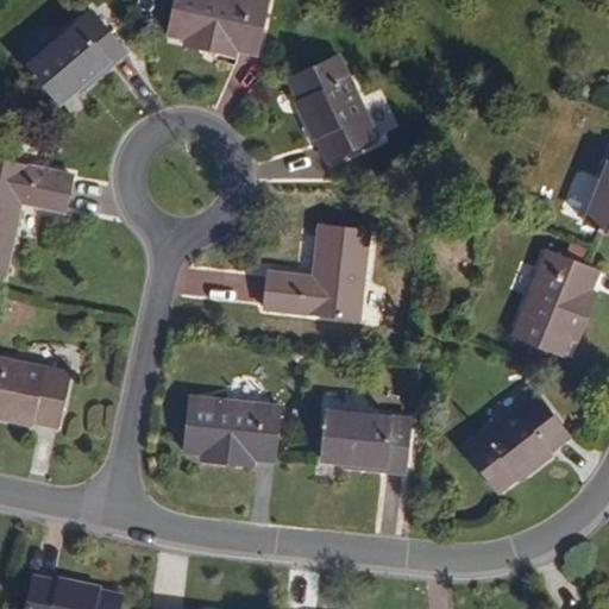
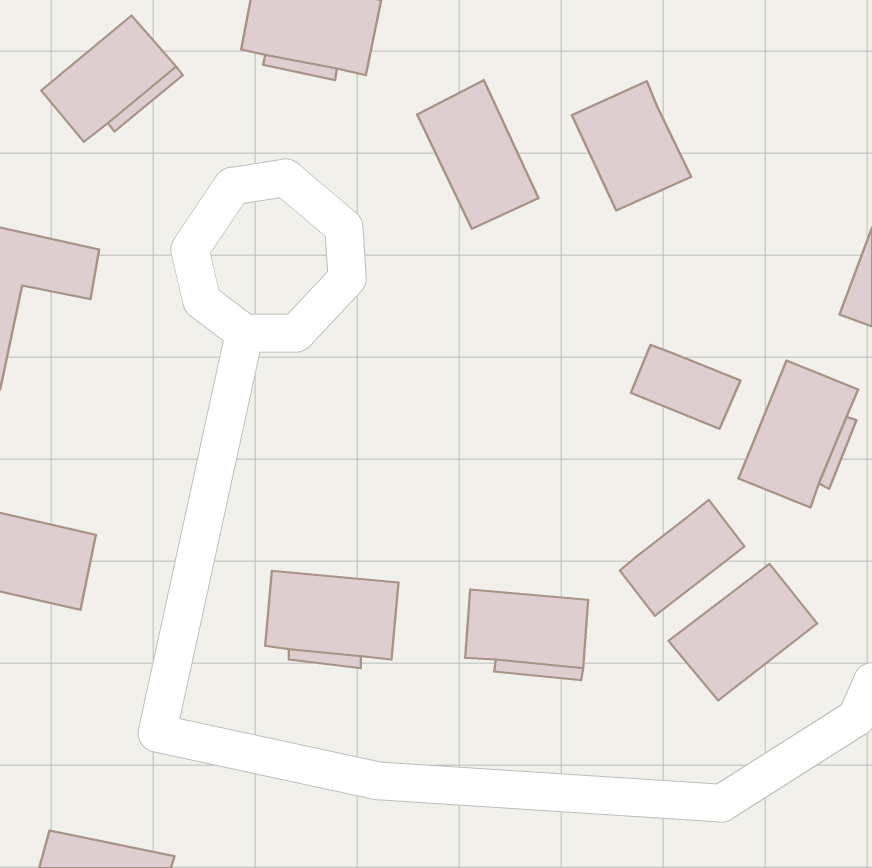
building: none -> [572,81,691,211]
building: [266,227,369,321] -> none
building: none -> [631,345,741,429]
building: none -> [620,500,744,616]

